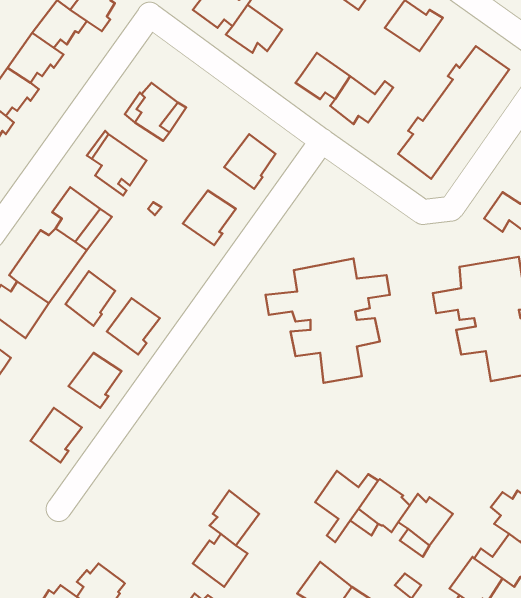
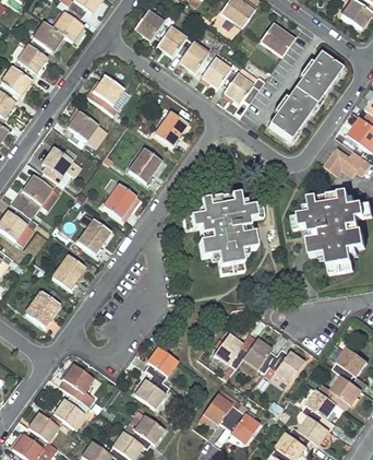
building: none -> [178,42,219,72]
building: [66,271,115,326] -> [103,182,135,219]
building: none -> [60,363,94,405]

